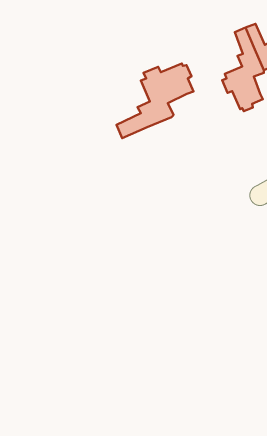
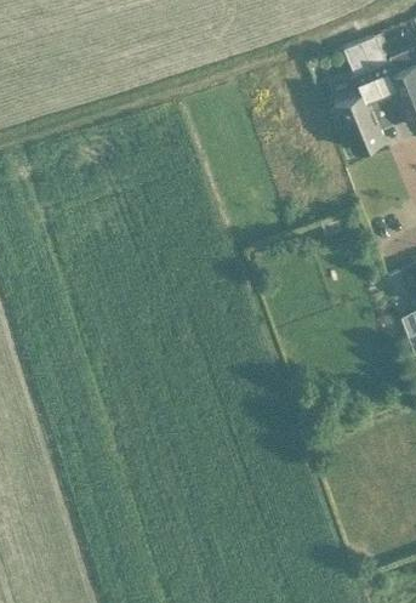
building: [117,64,193,138] -> none

